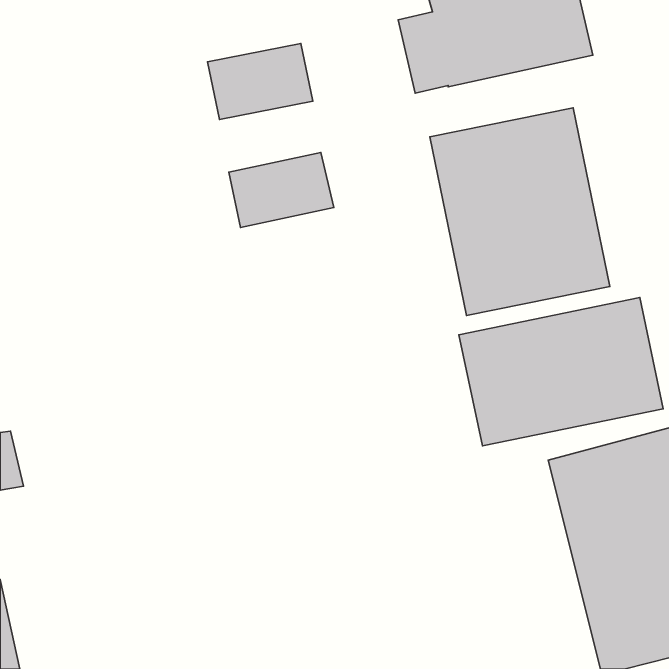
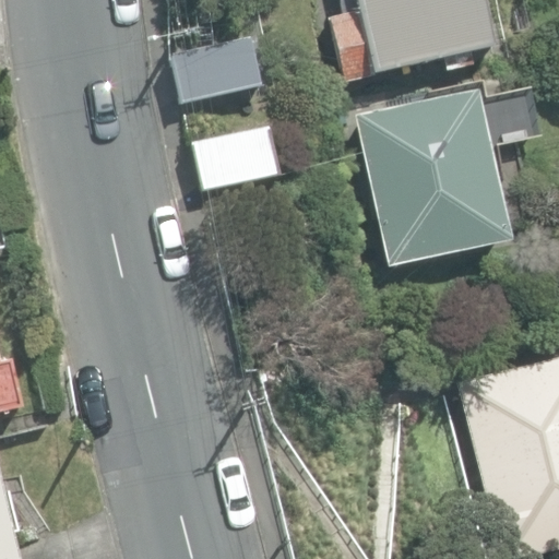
building: [459,297,663,446] -> none

